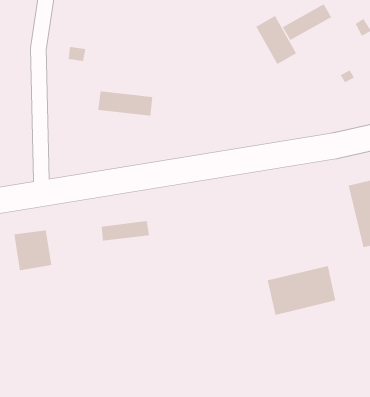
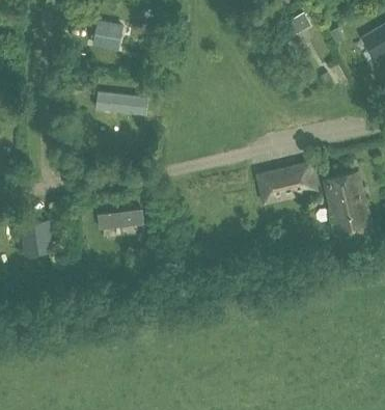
building: none -> [92,21,121,49]
building: [255,15,297,65] -> none
building: [267,265,336,315] -> [255,159,319,204]

